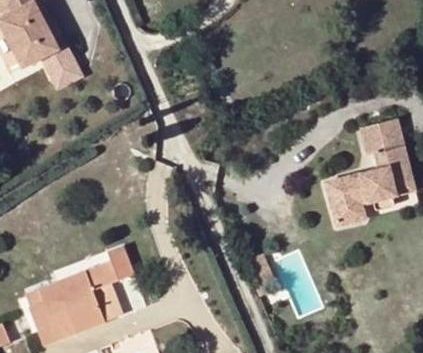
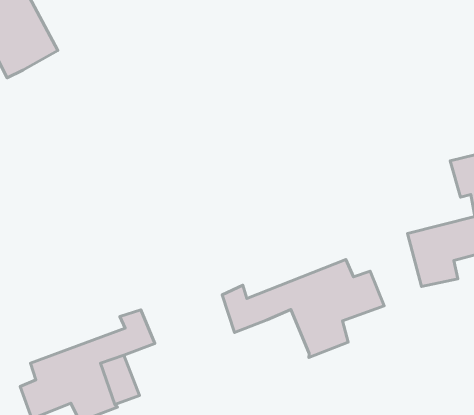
building: [32,47,75,94] -> none
building: none -> [222,260,384,357]

